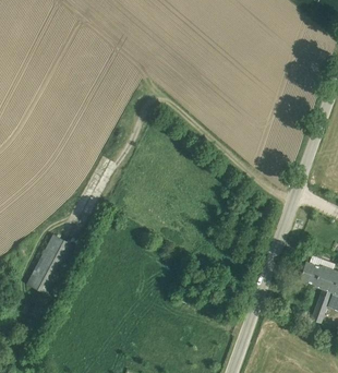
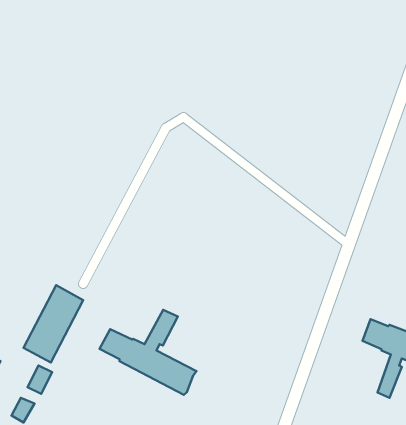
building: none -> [100,310,196,395]

